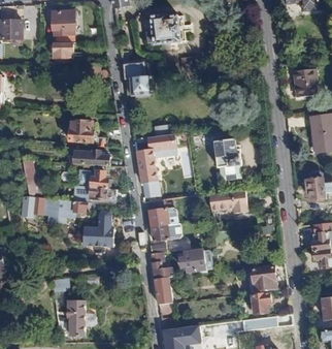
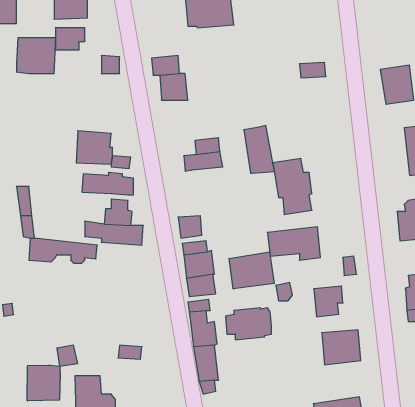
building: none -> [17,38,55,74]
building: [136,148,159,183] -> [244,126,274,173]
building: none -> [229,252,274,289]
building: [82,212,113,247] -> none
building: [250,292,271,315] -> [314,286,343,317]
building: none -> [27,365,60,401]

